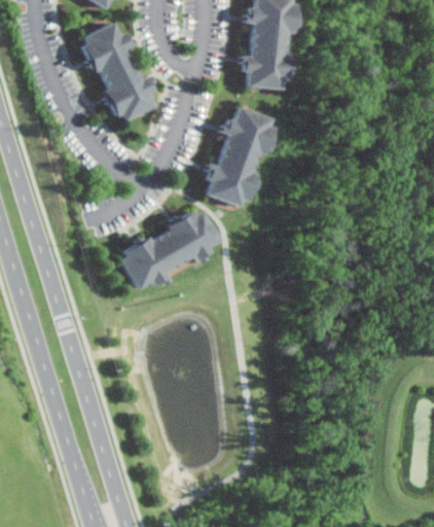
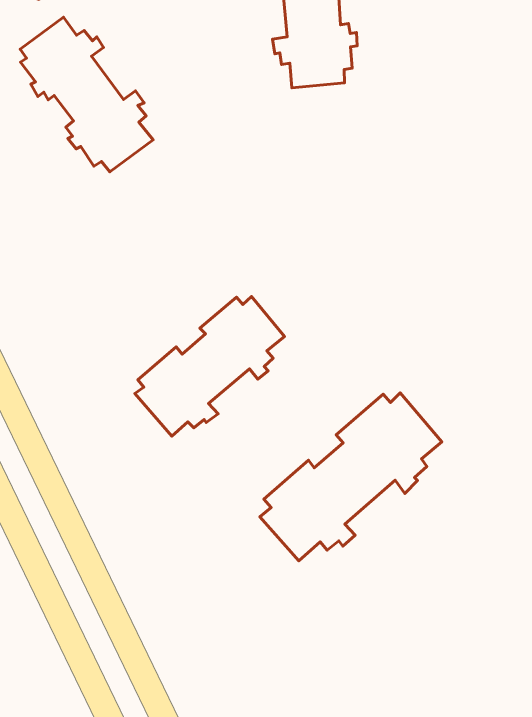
building: [207,107,275,206] -> none
building: none -> [260,393,442,561]

